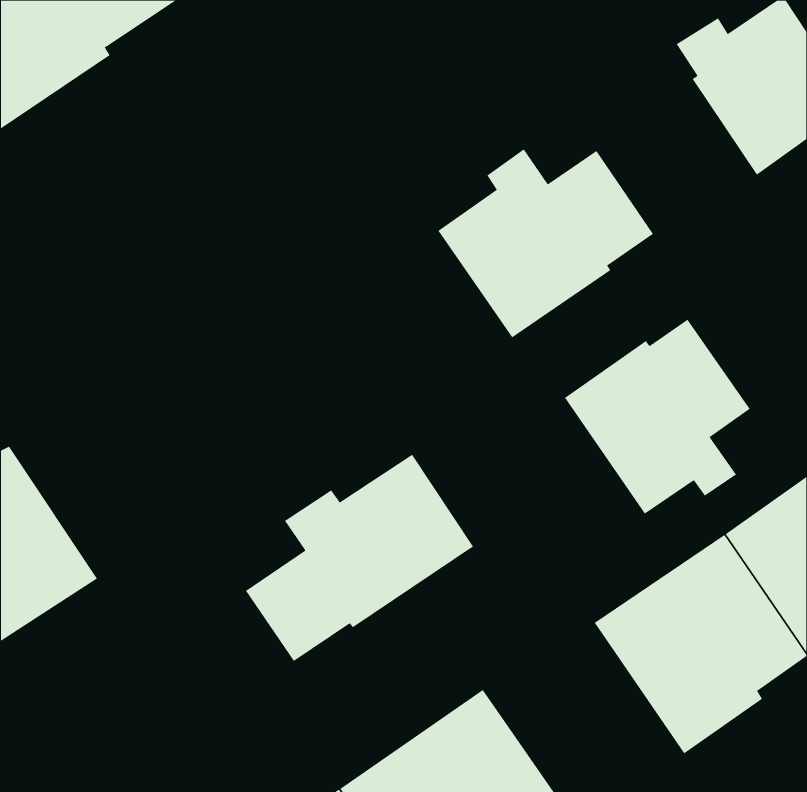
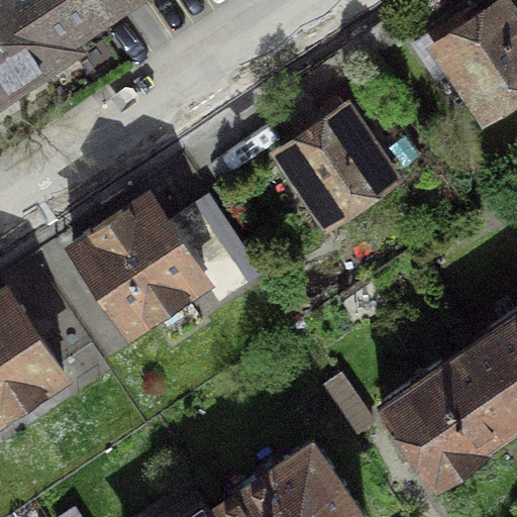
building: none -> [72,200,239,335]
building: [564,319,751,515] -> none
building: [245,454,474,662] -> none

